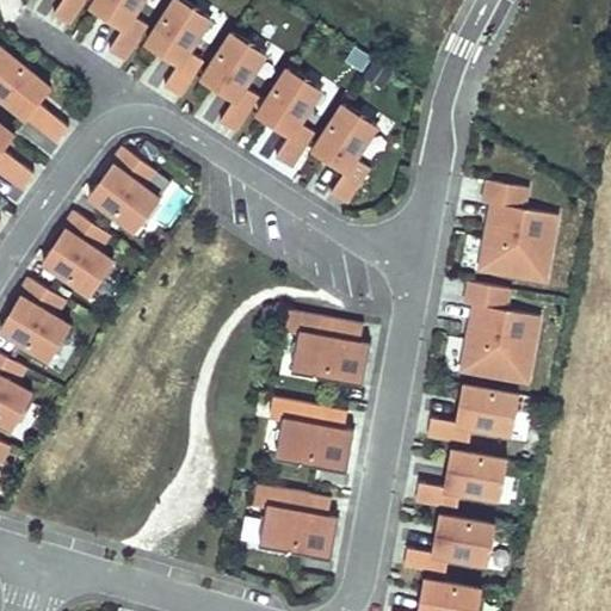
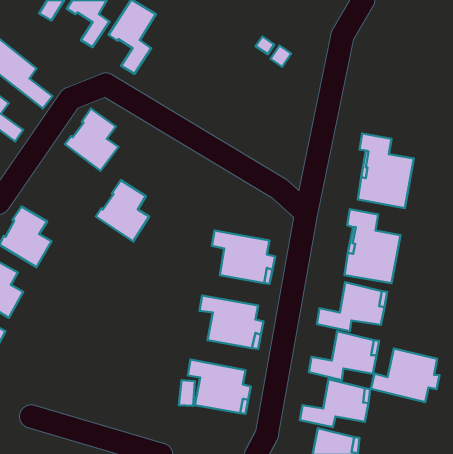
building: [200,36,265,136] -> none
building: [257,72,321,172] -> none
building: [313,107,376,208] -> none
building: [41,211,112,294] -> [96,180,149,241]
building: none -> [371,348,440,402]

